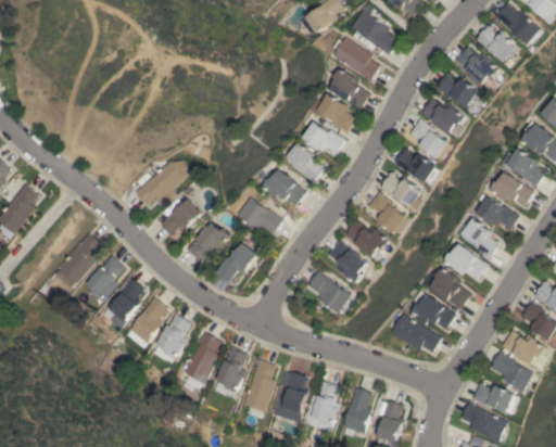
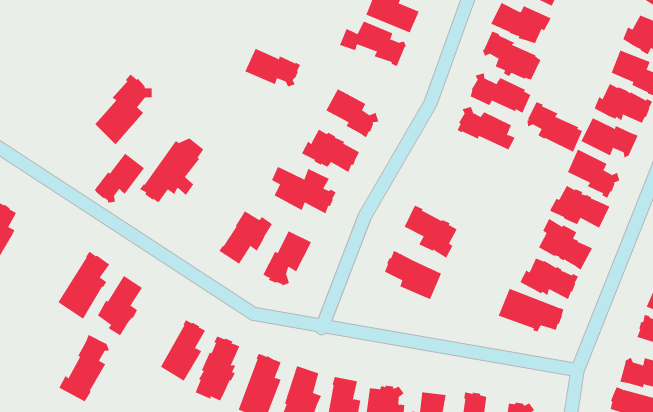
building: none -> [94,73,152,145]
building: [301,122,344,155] -> [245,48,301,87]
building: [371,192,413,235] -> [526,101,583,153]
building: [161,200,202,235] -> [94,153,145,203]
building: [346,220,392,257] -> none
building: [101,278,144,329] -> [58,334,110,402]

